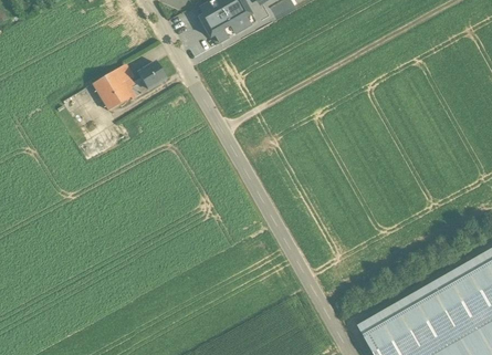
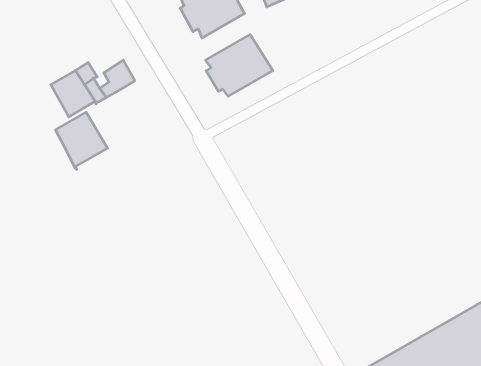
building: none -> [206,35,273,96]
building: none -> [56,112,108,169]

